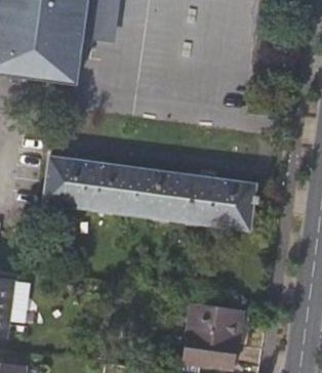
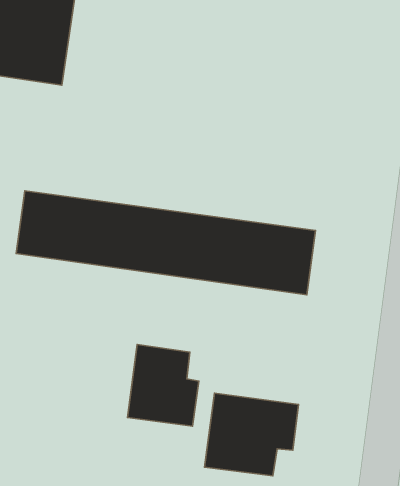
building: none -> [127,344,199,426]

